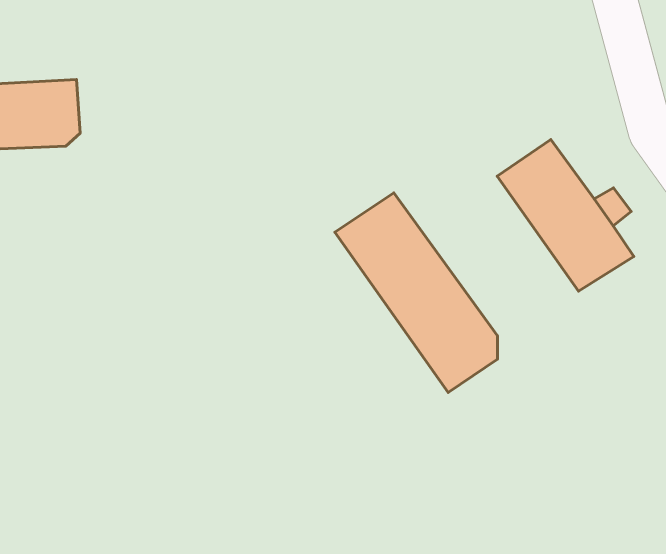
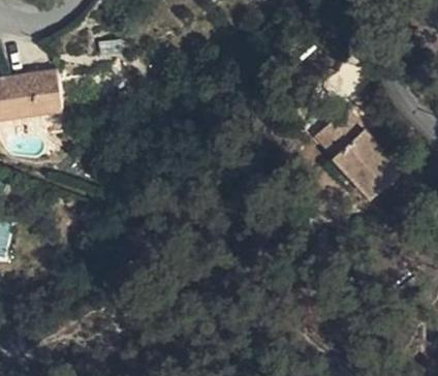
building: [335,193,497,393] -> none

